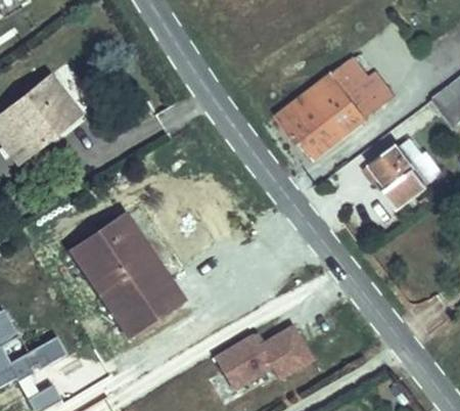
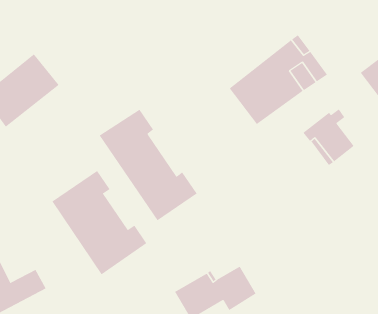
building: none -> [99,109,197,221]

